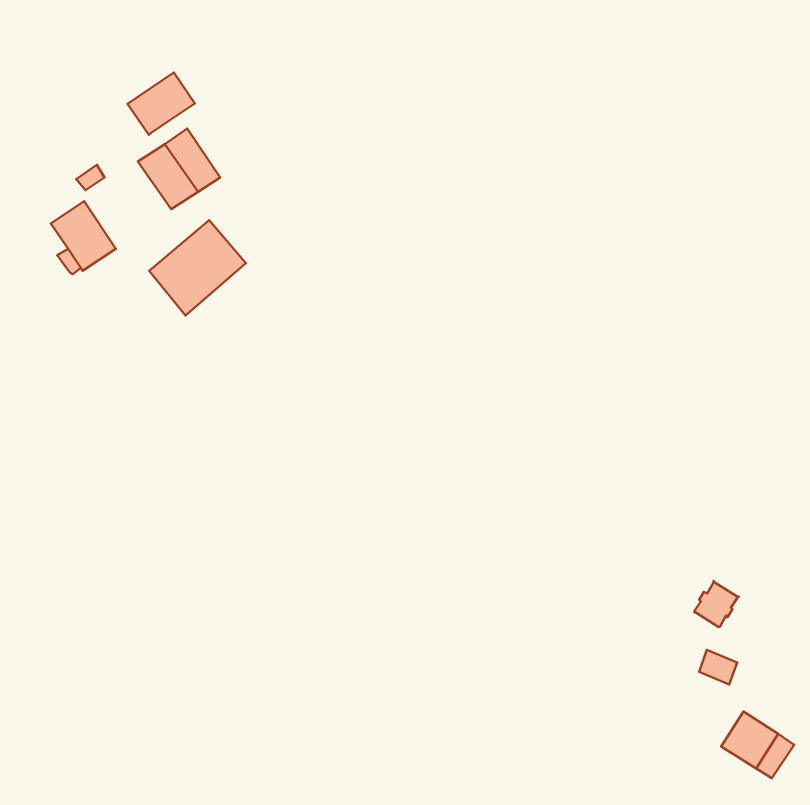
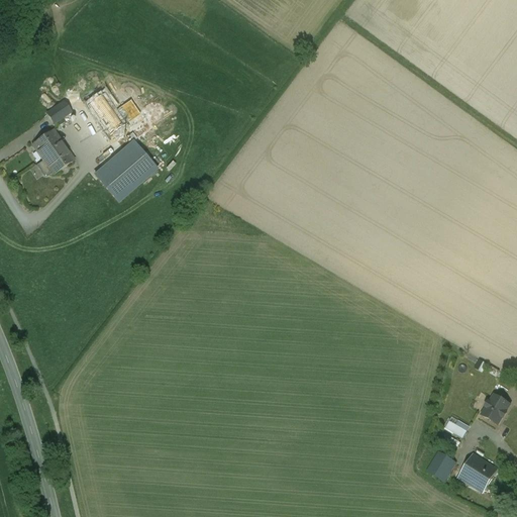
building: [128,73,195,135] -> none
building: [694,581,739,627] -> [482,393,510,422]
building: none -> [427,450,455,479]

